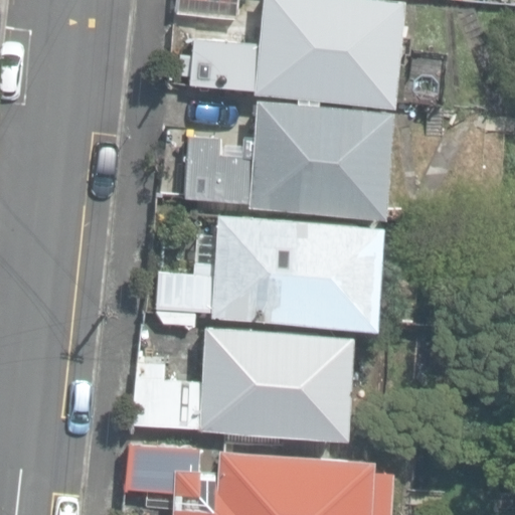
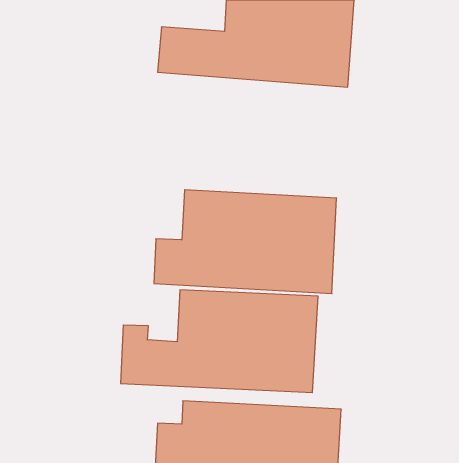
building: [185,101,394,222] -> none

